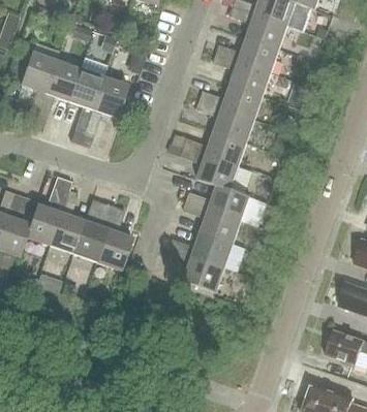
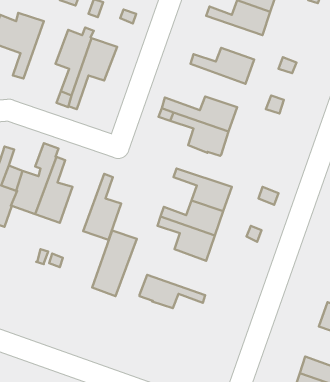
building: [214,52,271,94] -> none
building: [38,57,82,116] -> none
building: [197,98,254,140] -> none
building: [187,184,249,218] -> none
building: [73,197,117,261] -> [92,230,137,296]
building: none -> [139,275,205,308]

